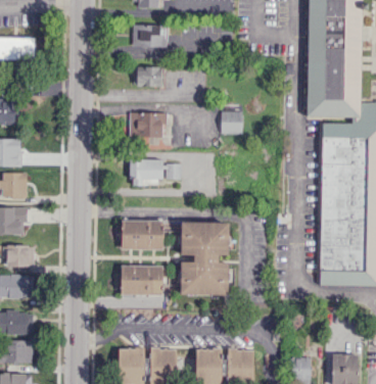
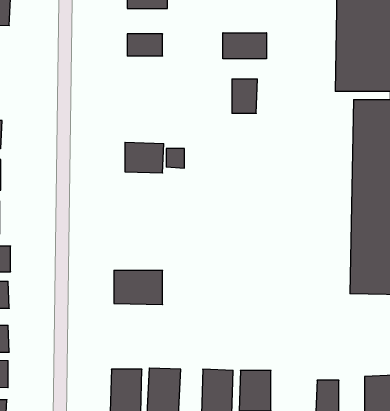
building: none -> [223,33,266,59]
building: [129,112,167,138] -> none
building: [122,221,162,249] -> none
building: [181,222,228,294] -> none

